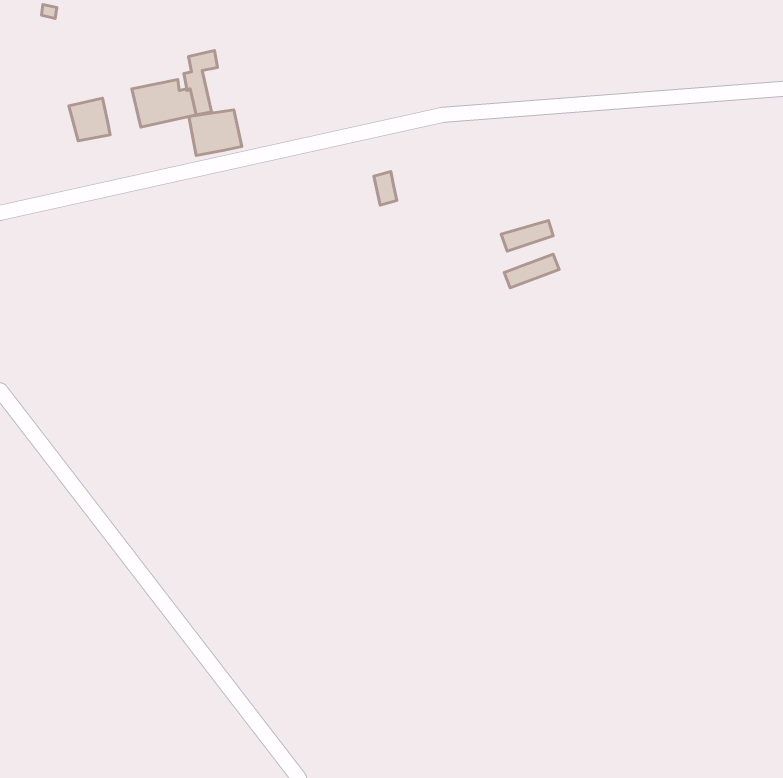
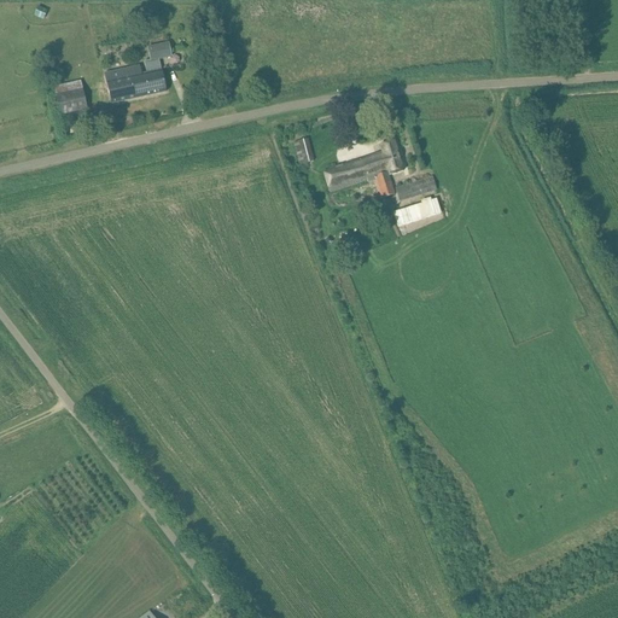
building: [189,110,242,156] -> none
building: none -> [323,138,403,196]

